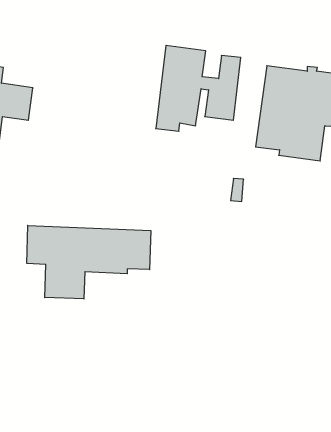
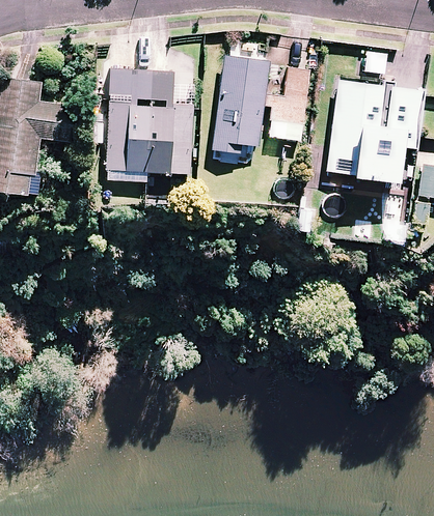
building: none -> [106,69,193,181]
building: [27,225,151,299] -> none

